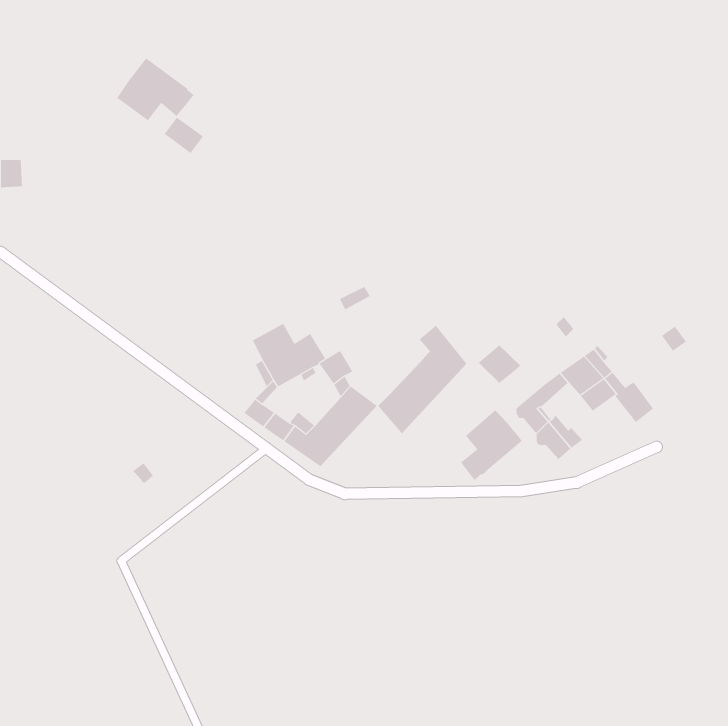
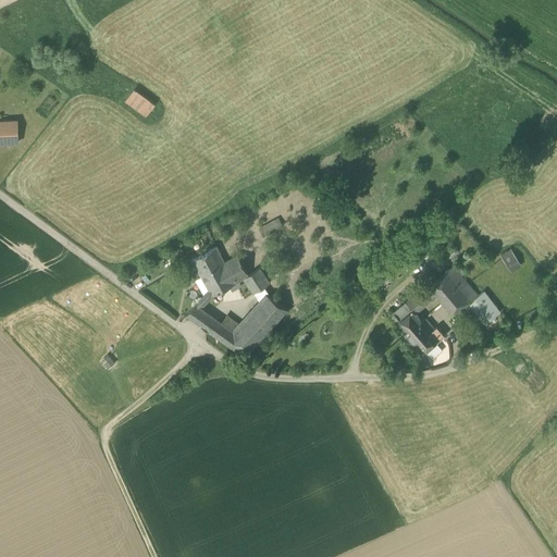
building: [117,57,195,121] -> none
building: [378,325,467,434] -> none
building: [478,344,521,384] -> none
building: [460,410,523,481] -> none

